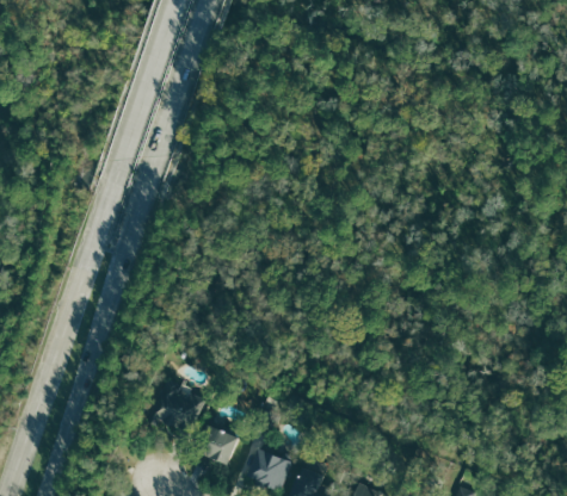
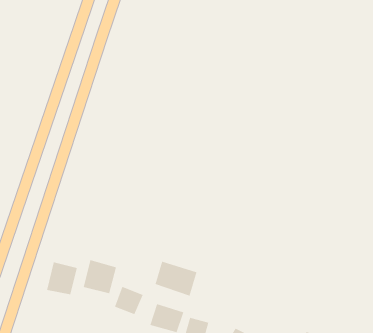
building: none -> [155,261,197,296]
building: none -> [47,261,77,295]

